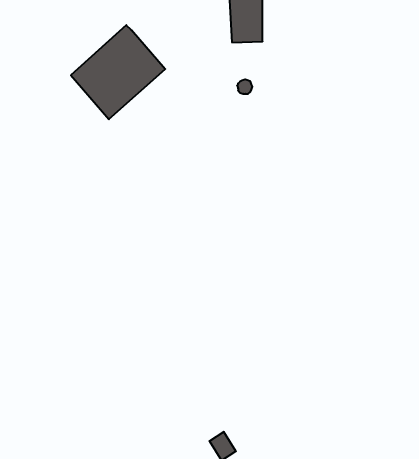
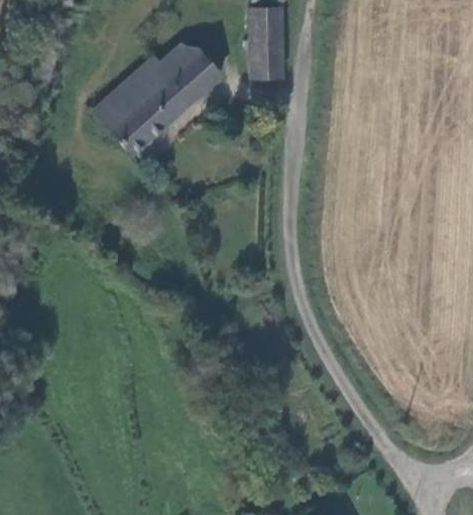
building: none -> [154,48,220,105]

